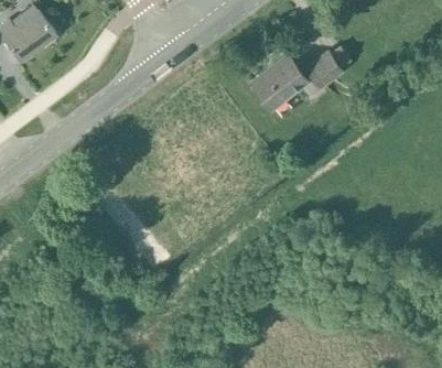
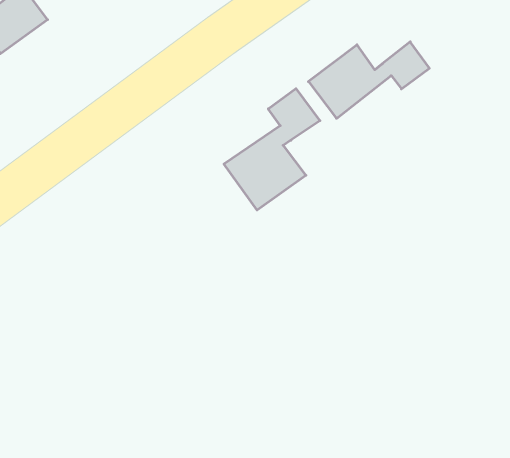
building: none -> [224,89,320,210]

